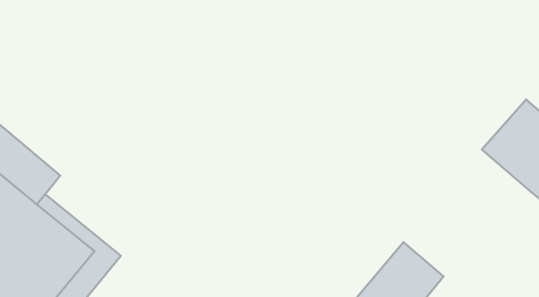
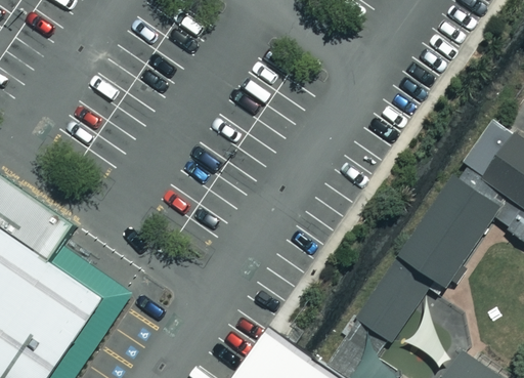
building: none -> [393,169,507,296]

